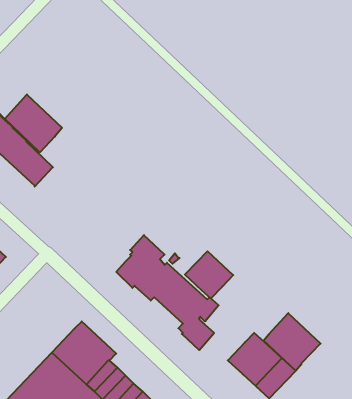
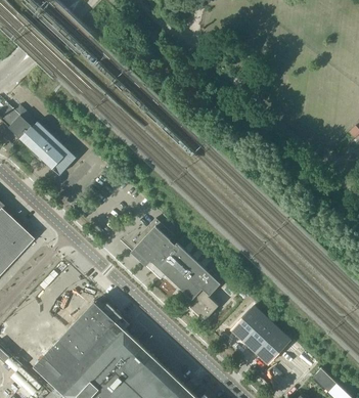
building: [5,94,62,152] -> none
building: [185,251,233,298] -> none
building: [263,313,321,371] -> none

